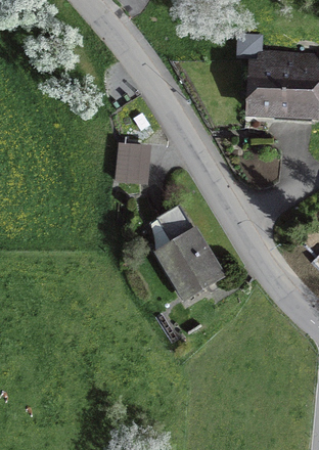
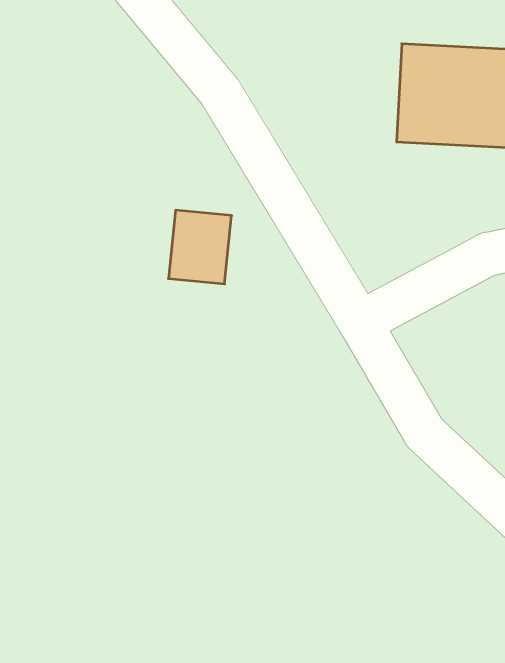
building: [155,206,221,299] -> none

